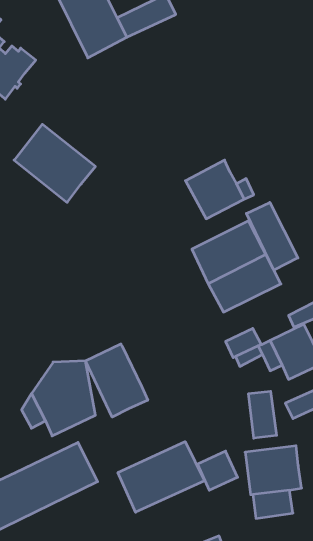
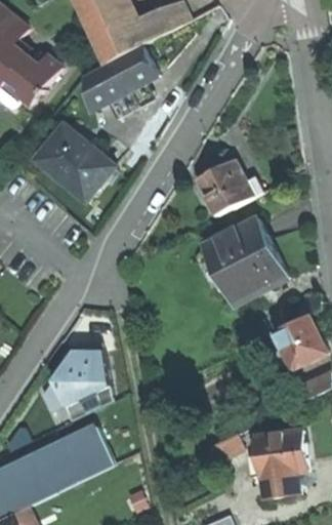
building: none -> [86,46,156,109]
building: [246,202,298,270] -> none
building: [86,344,148,417] -> none
building: [249,391,277,438] -> none
building: [118,442,205,512] -> none

